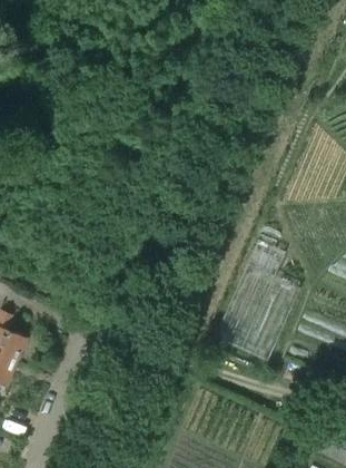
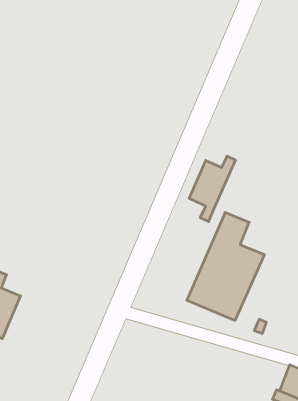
building: none -> [189,156,235,222]

